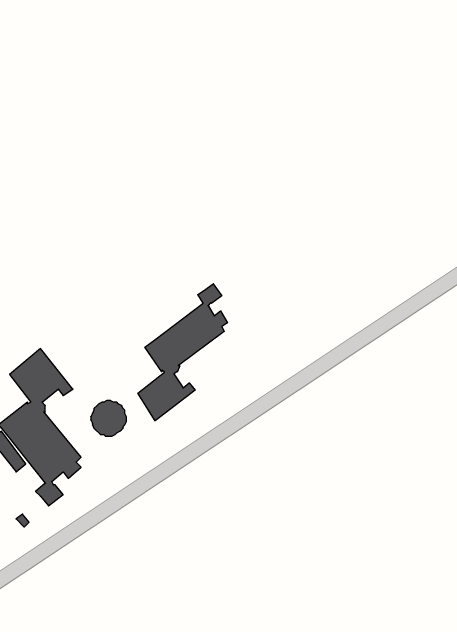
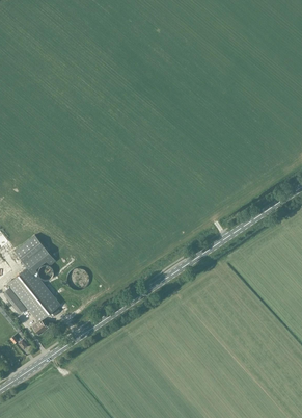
building: [138,284,227,421] -> none

